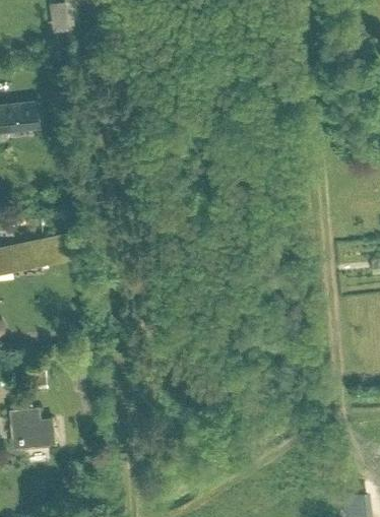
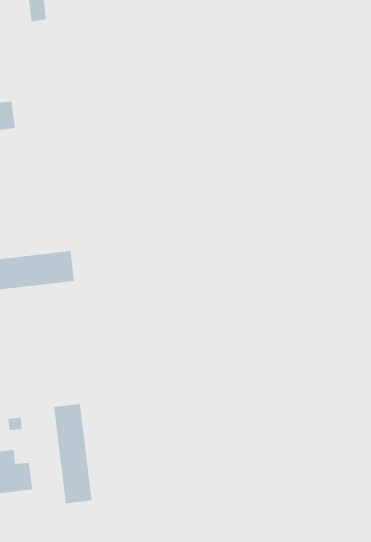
building: none -> [53,403,92,504]

